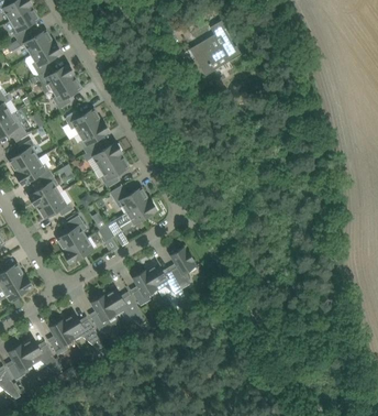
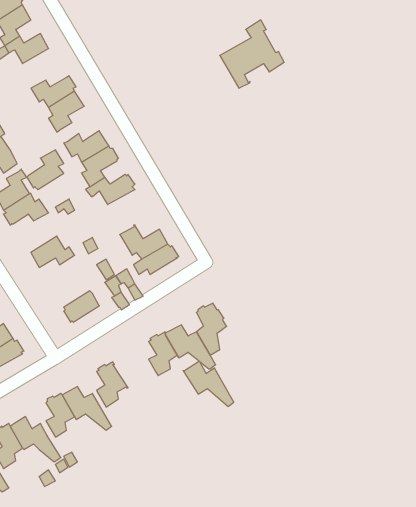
building: [32,43,62,75] -> none
building: [100,156,129,188] -> none
building: [30,175,59,207] -> [27,150,64,190]
building: [58,217,86,251] -> none
building: [104,289,145,326] -> [183,361,234,406]

